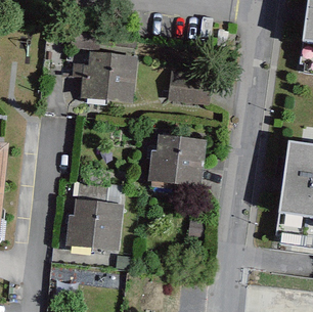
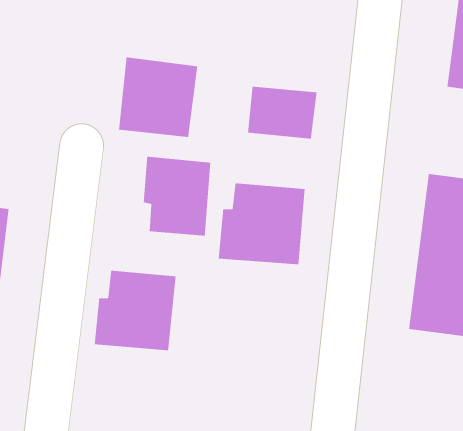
building: none -> [143,156,211,237]

